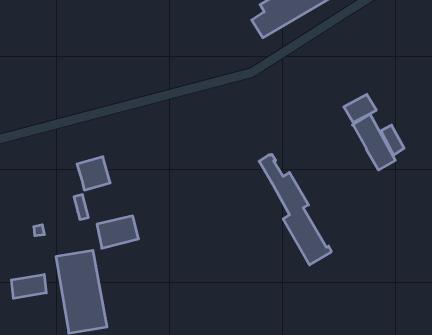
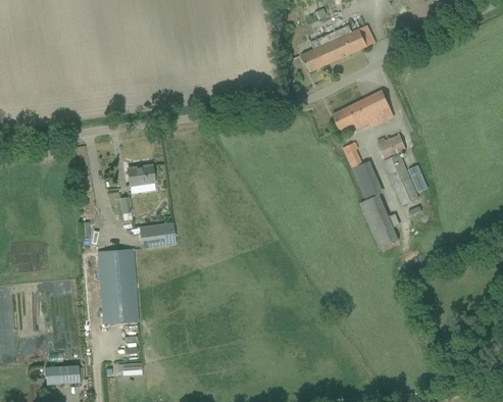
building: none -> [333,90,394,131]
building: [259,154,331,265] -> [343,142,400,247]
building: [11,274,46,298] -> none

